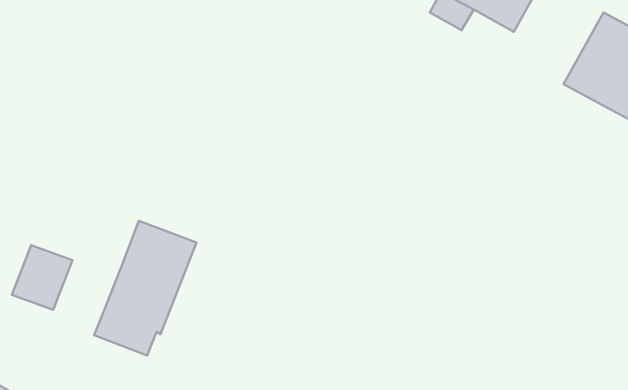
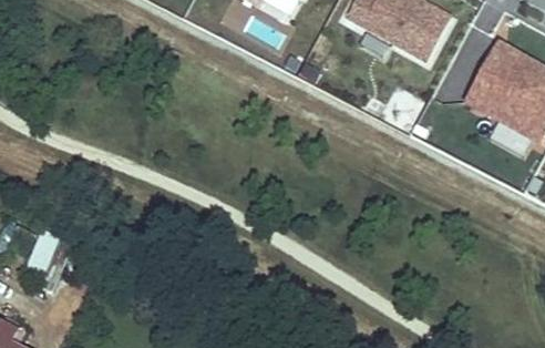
building: [94,221,197,356] -> none

